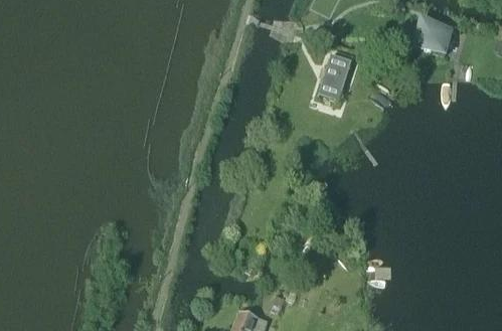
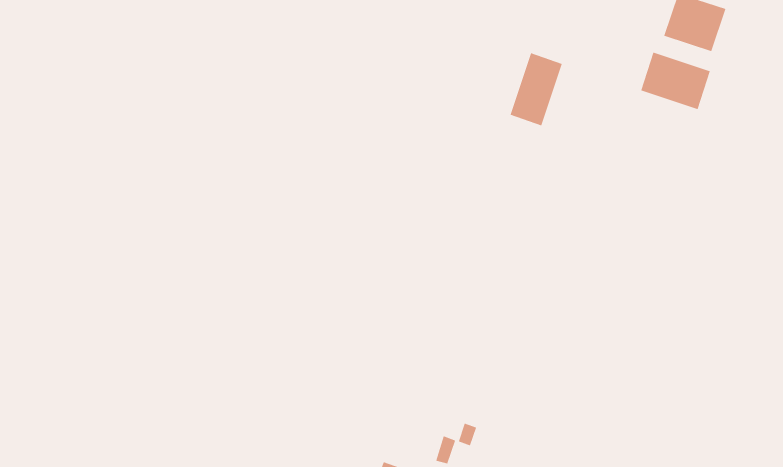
building: none -> [640,51,711,110]

